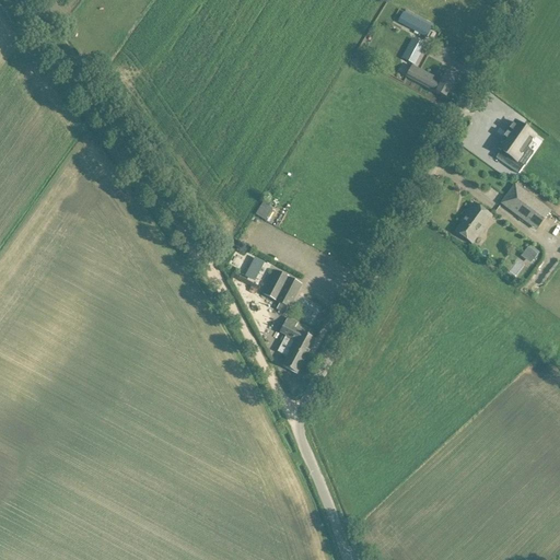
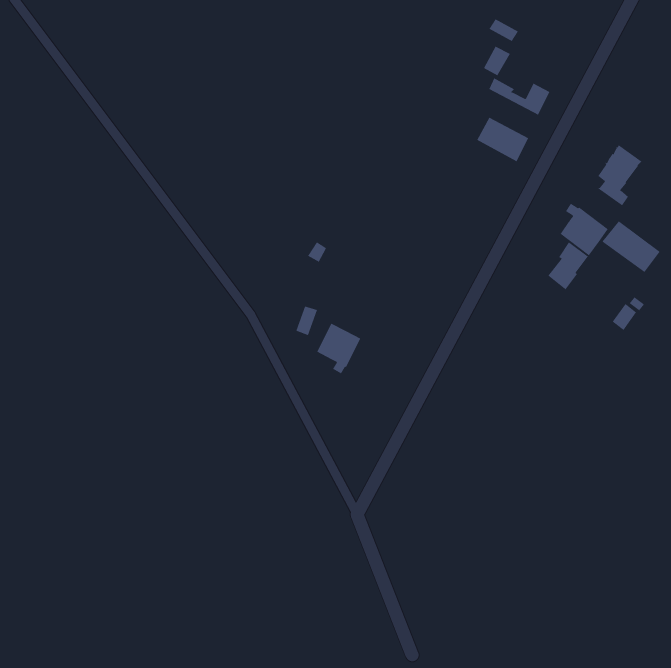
building: none -> [477,117,529,162]
building: none -> [560,203,608,256]
building: [278,316,315,372] -> none

